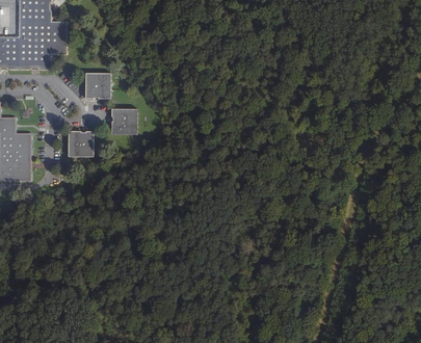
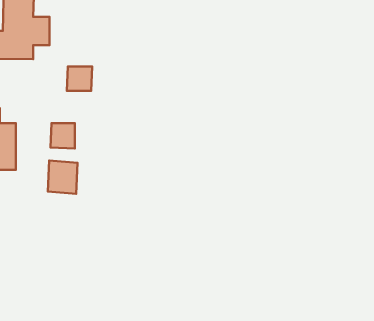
building: [111,109,135,135] -> none
building: none -> [48,160,77,194]

